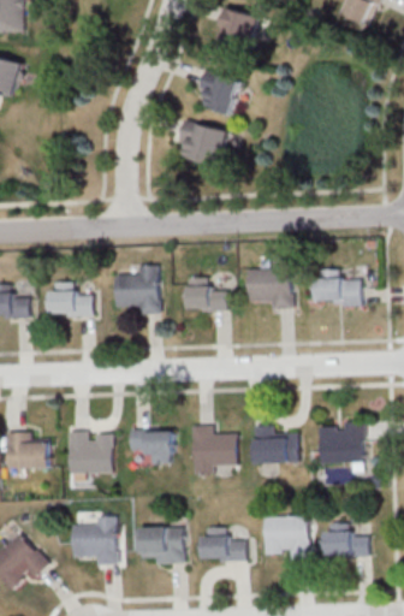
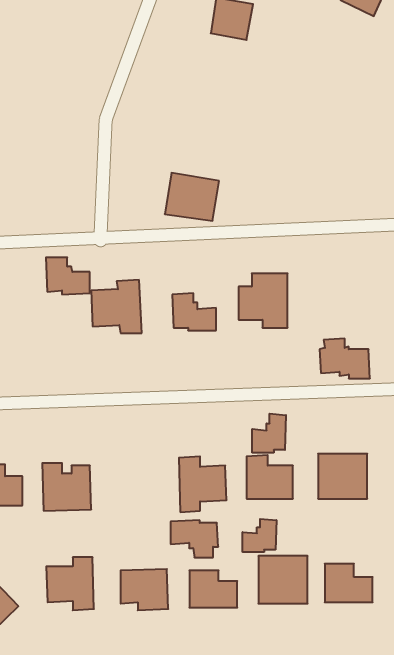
building: [201,70,243,116] -> none
building: [179,122,228,165] -> [165,173,219,221]
building: [315,270,361,306] -> [320,339,370,378]
building: [50,283,90,316] -> [46,257,90,294]
building: none -> [252,414,286,453]
building: [130,428,173,462] -> [171,520,218,557]
building: none -> [243,519,276,552]

